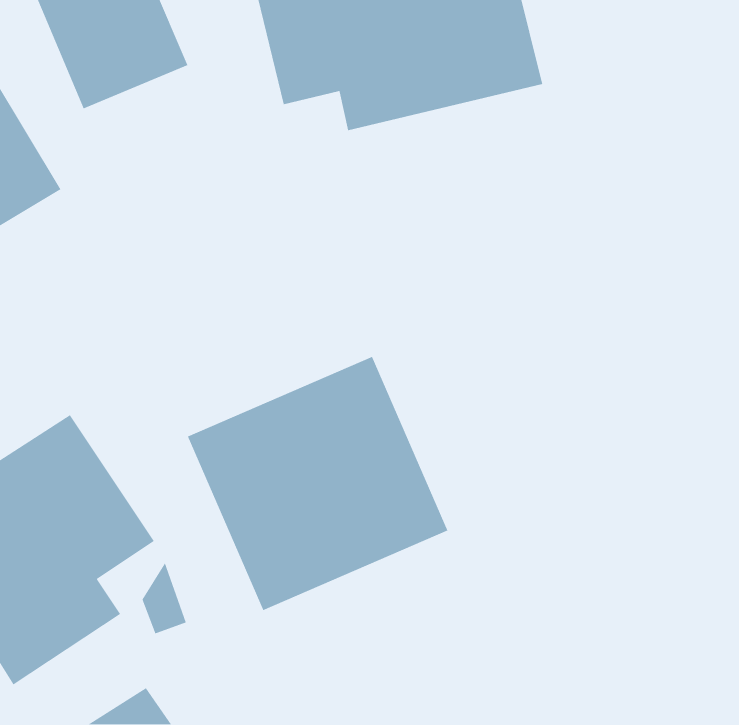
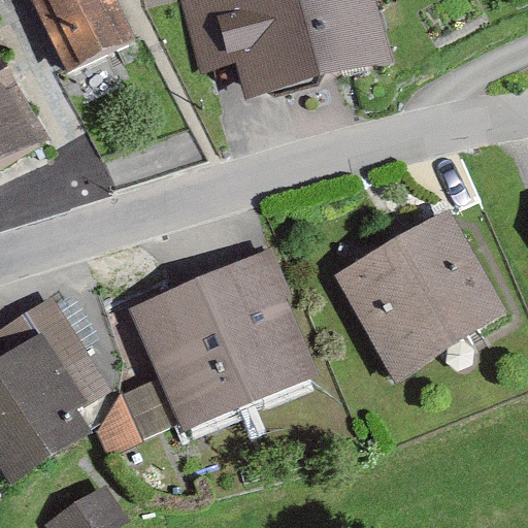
building: none -> [334,207,509,380]

